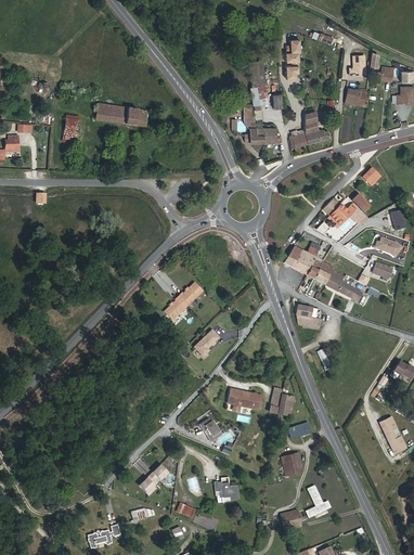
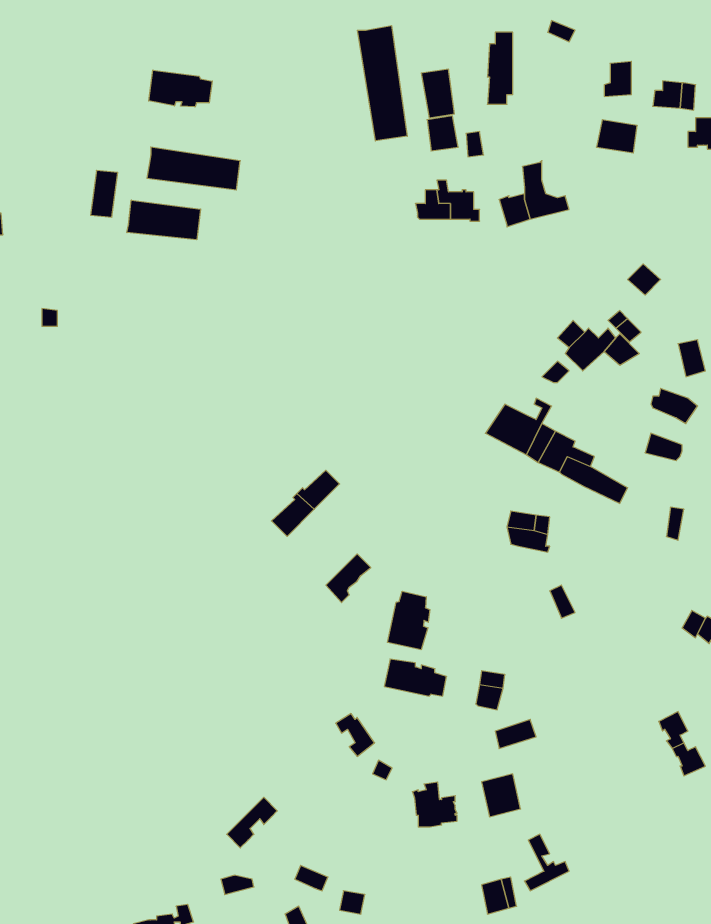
building: none -> [357,26,407,141]
building: none -> [149,70,212,107]
building: none -> [127,200,201,240]
building: none -> [387,591,430,650]
building: [215,476,240,501] -> [412,782,457,827]

